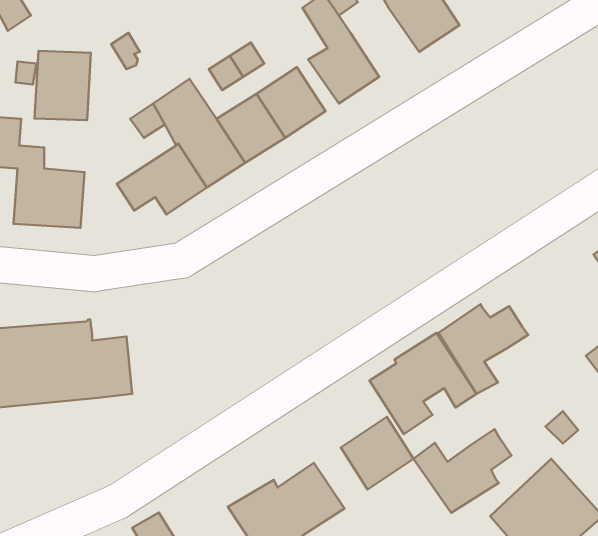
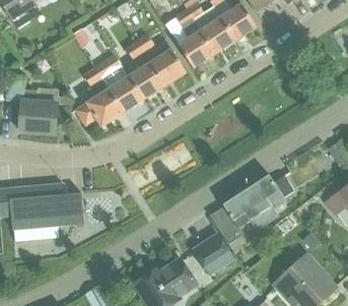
building: none -> [199,16,234,53]
building: [35,51,91,120] -> none
building: [413,429,512,513] -> none

